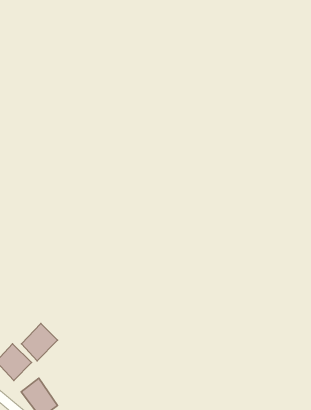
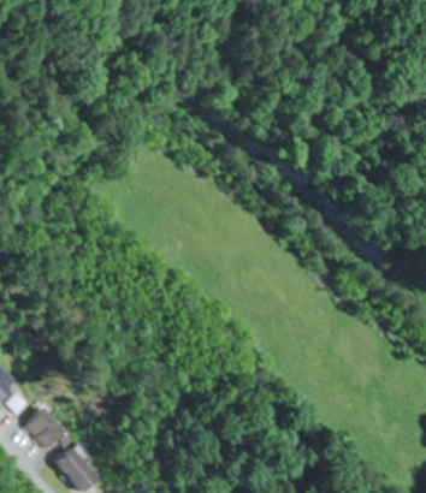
building: [21,323,58,361] -> none

